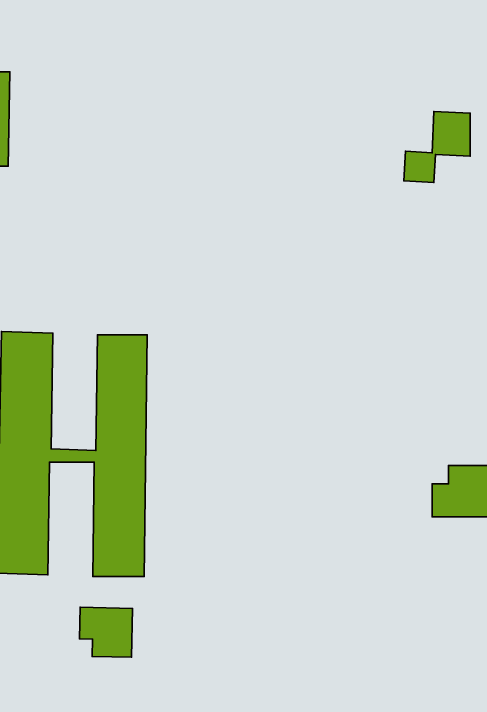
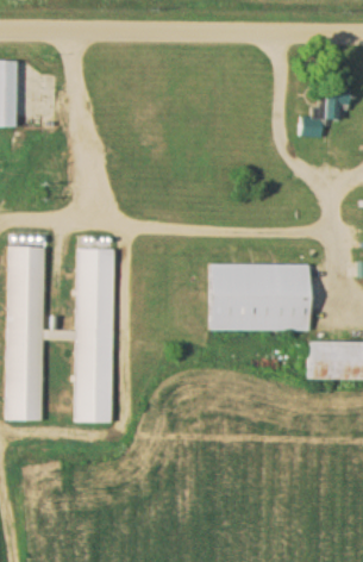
building: none -> [205,263,307,330]
building: [79,607,132,657] -> none

